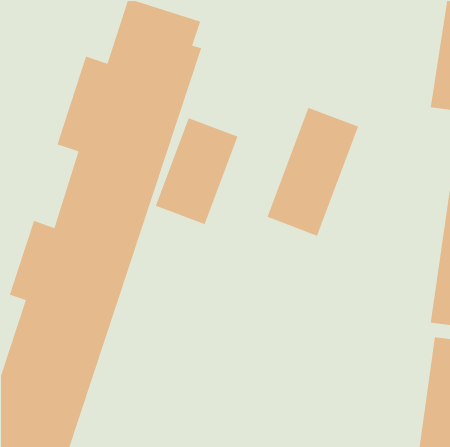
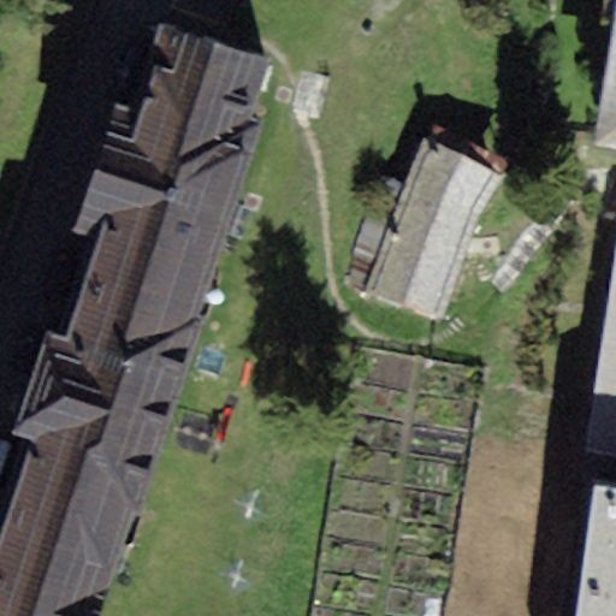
building: [155,117,239,225] -> none

